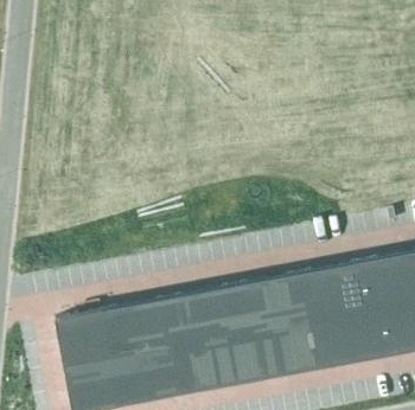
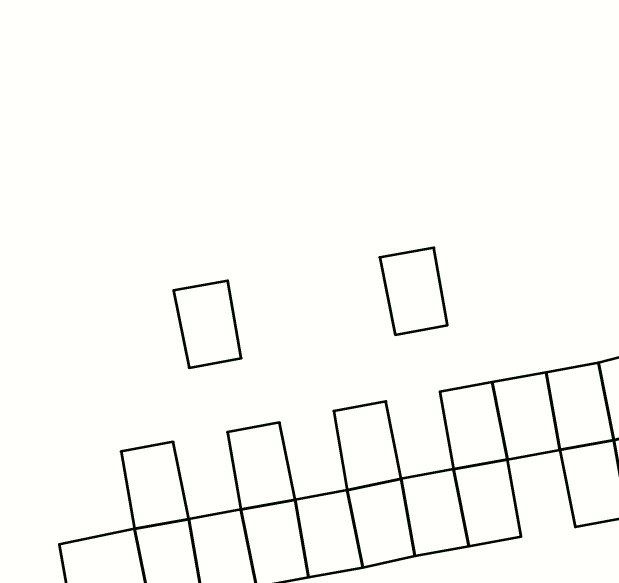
building: [270,274,312,327] -> [380,248,447,335]
building: [205,286,247,340] -> none
building: [140,299,181,352] -> [174,281,241,368]
building: [345,309,387,363] -> none
building: [60,310,116,367] -> none

